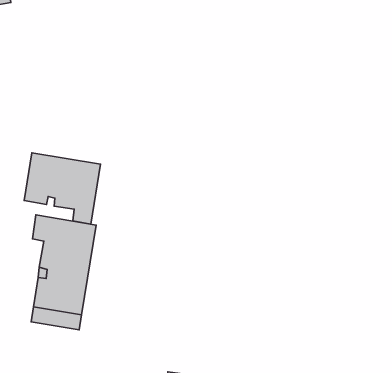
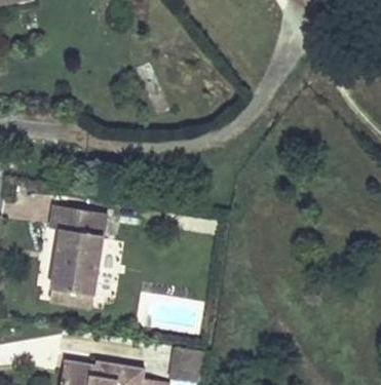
building: [24,153,101,224] -> none

